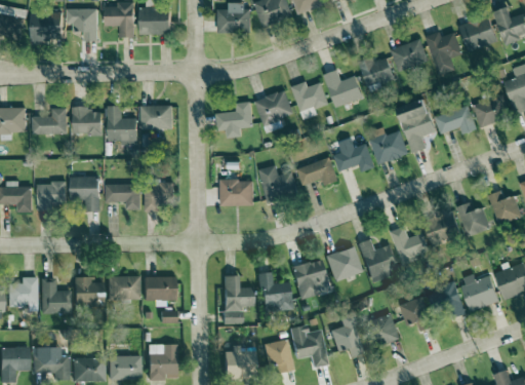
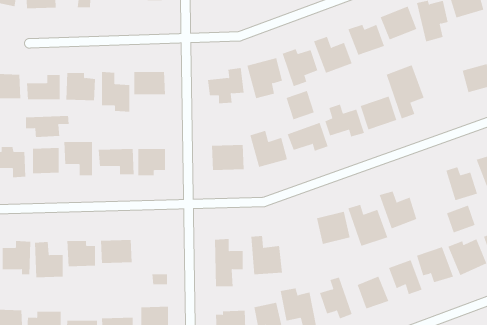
building: [435,104,477,134] -> none
building: none -> [286,90,315,120]
building: none -> [25,115,69,138]
building: [427,218,456,246] -> [446,205,475,233]
building: [291,259,329,298] -> none
building: [143,276,172,306] -> none

